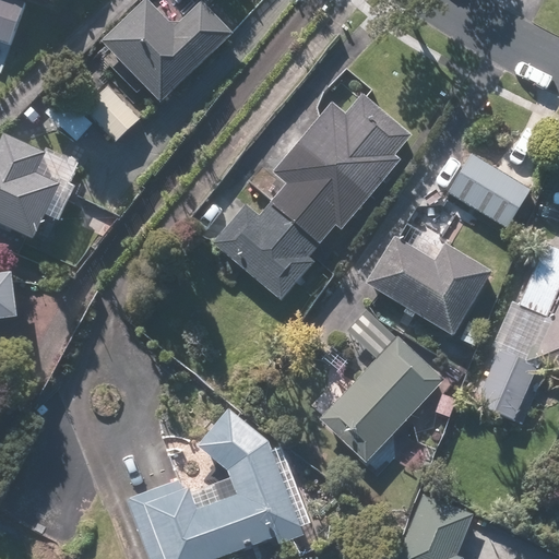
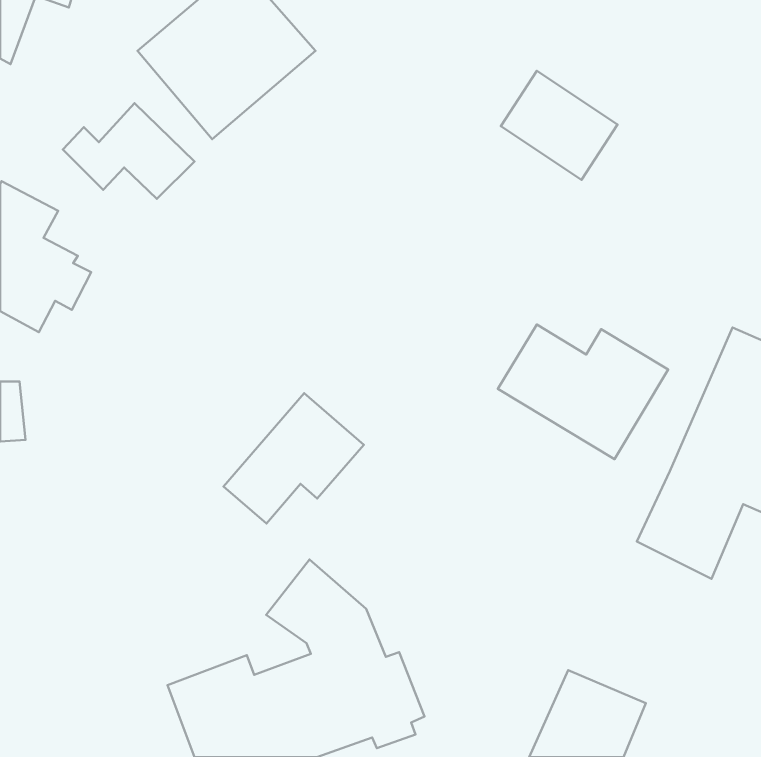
building: [211,93,411,301] -> none
building: [444,150,530,229] -> [501,71,617,180]
building: none -> [223,393,364,523]
building: [318,311,444,462] -> none

